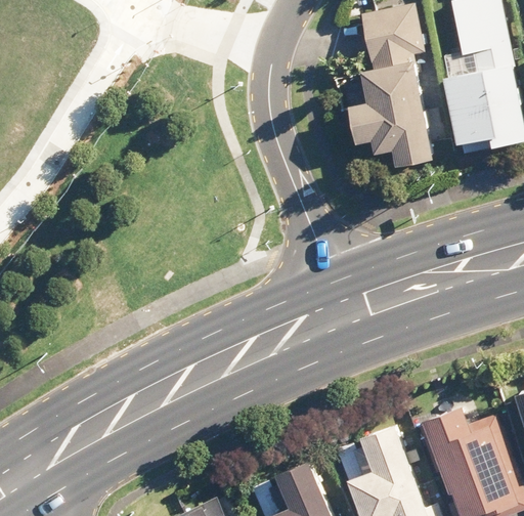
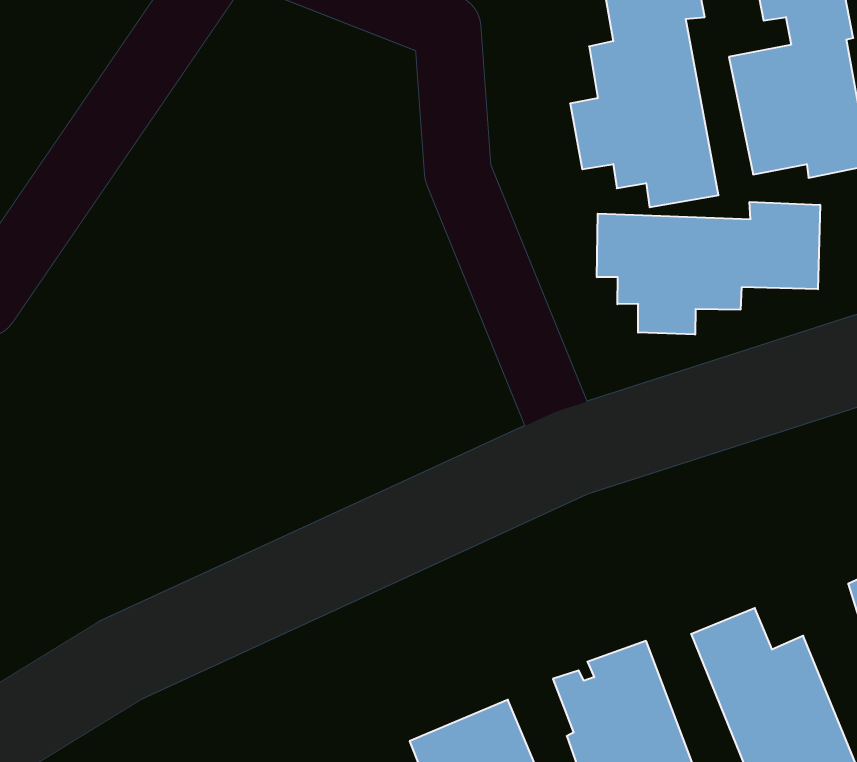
building: none -> [597,202,820,335]

